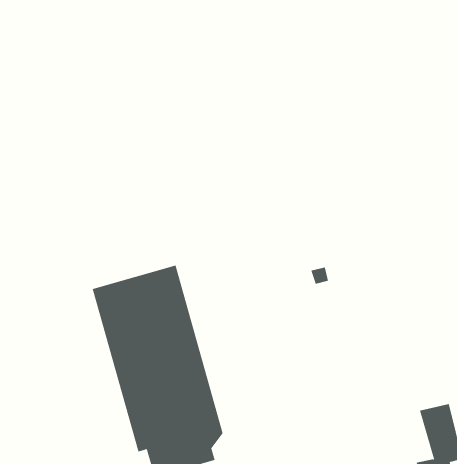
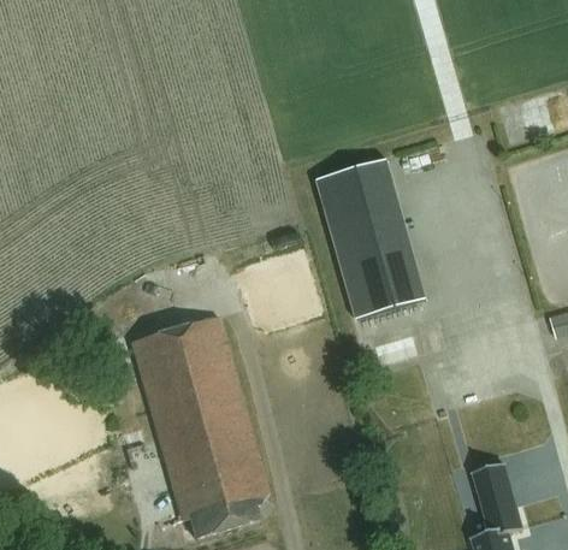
building: none -> [316,159,428,318]

